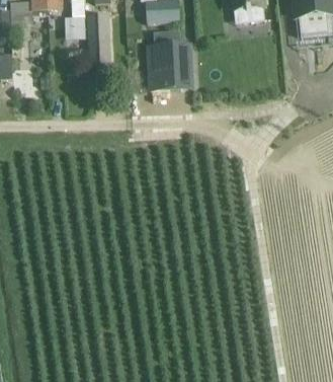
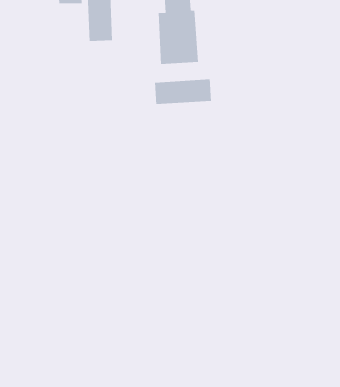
building: none -> [155,79,211,105]

